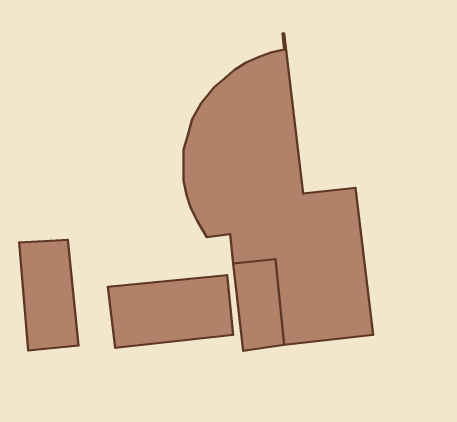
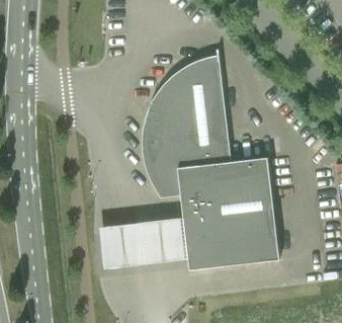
building: [19,240,78,350] -> none

